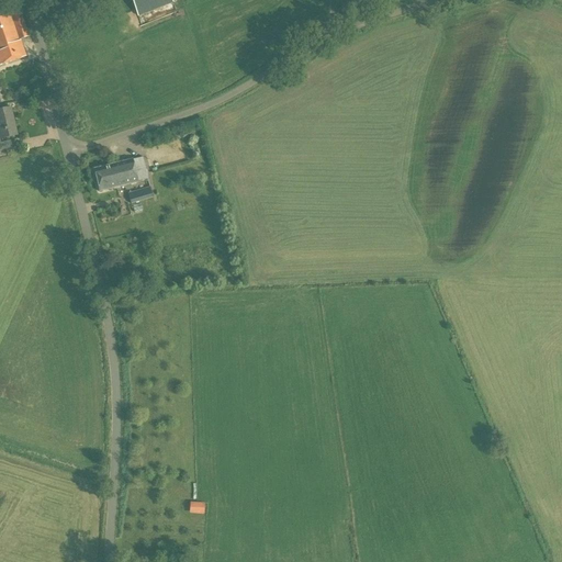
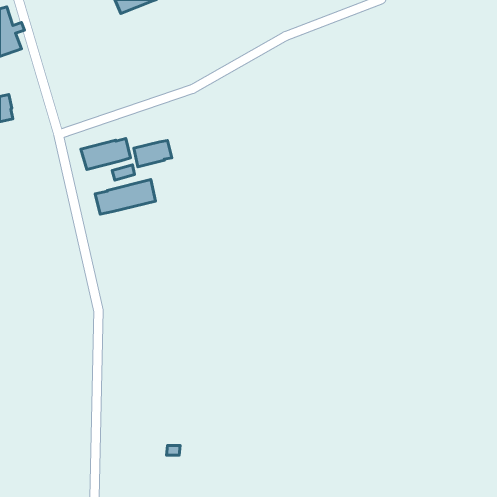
building: none -> [134,140,172,167]
building: none -> [95,179,155,214]

